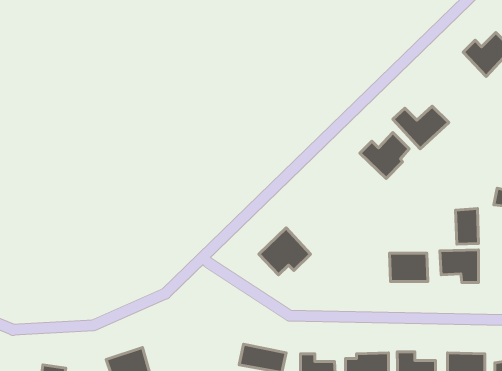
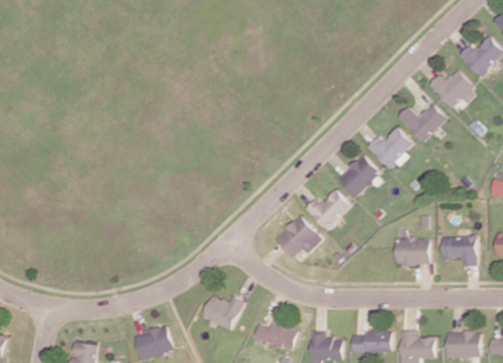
building: none -> [429,69,478,109]
building: none -> [335,154,378,197]
building: none -> [303,190,349,229]
building: [455,208,478,244] -> none
building: none -> [201,295,243,331]

